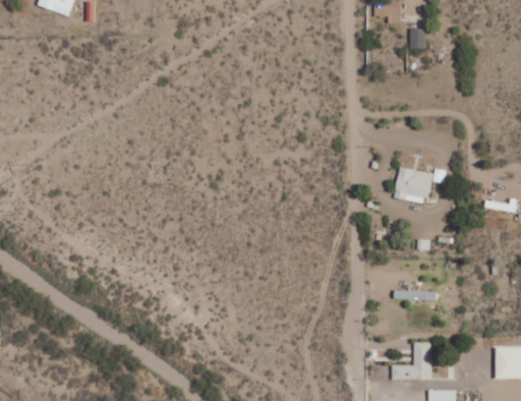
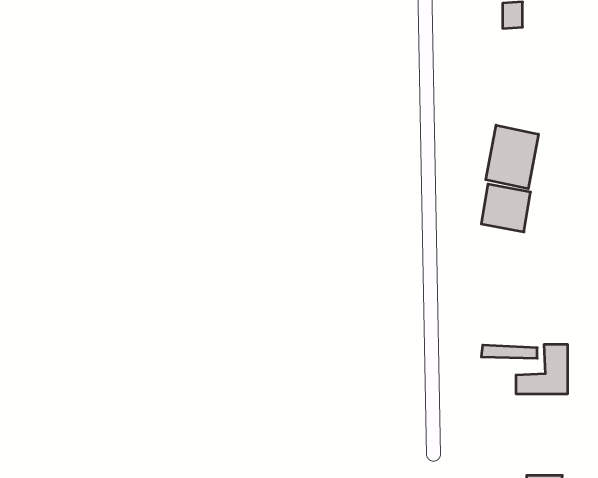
building: none -> [486,125,538,189]
building: [392,342,431,380] -> [516,345,568,394]

